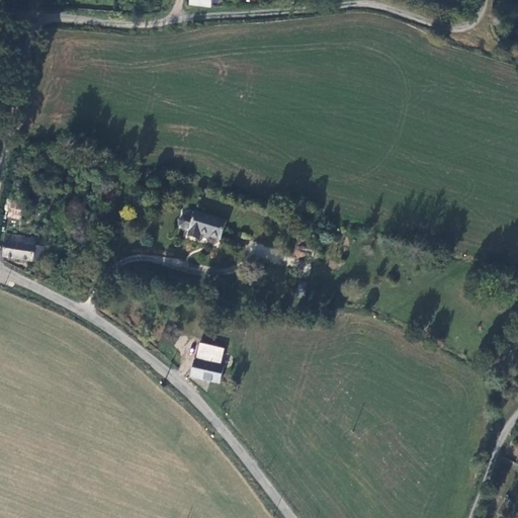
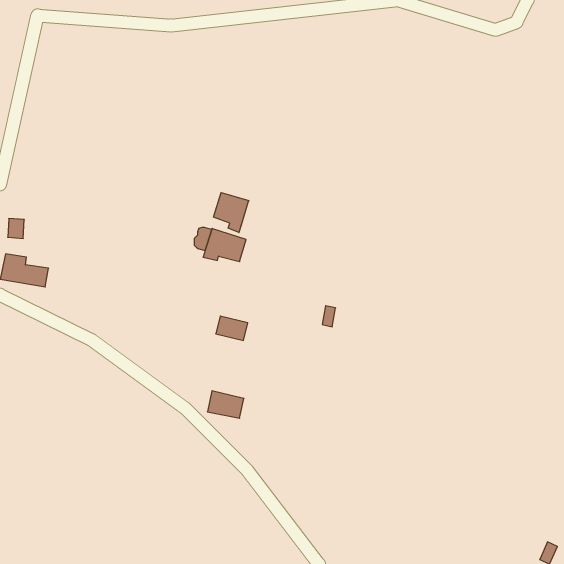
building: none -> [213,193,249,233]
building: [194,342,224,364] -> [216,316,248,340]

